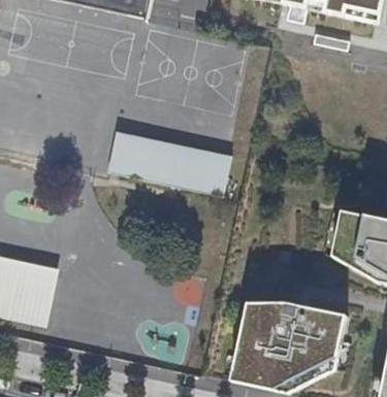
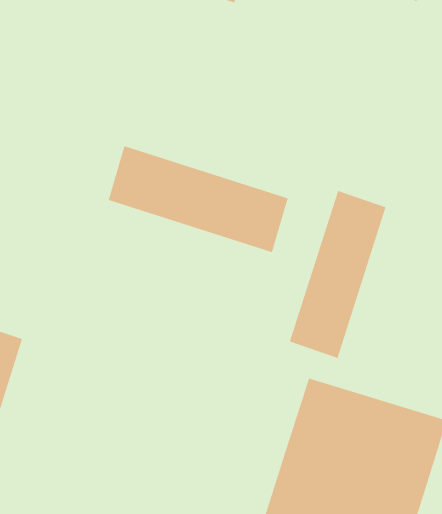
building: none -> [289,190,386,359]

